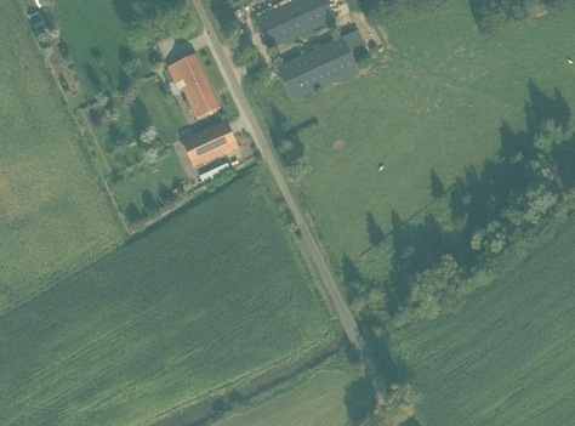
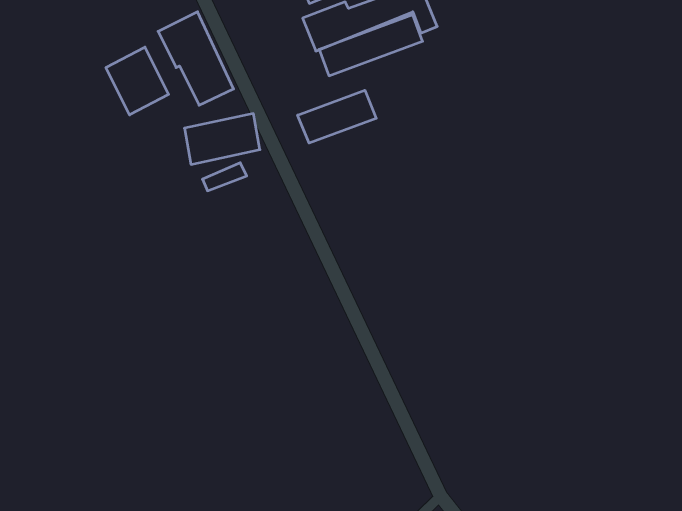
building: none -> [106,47,169,115]
building: none -> [298,90,376,143]

